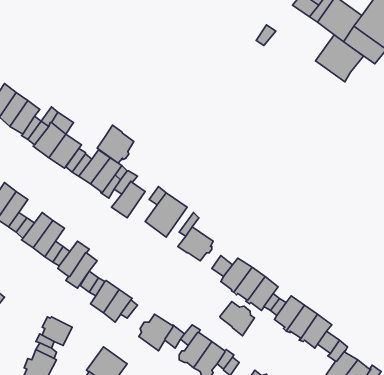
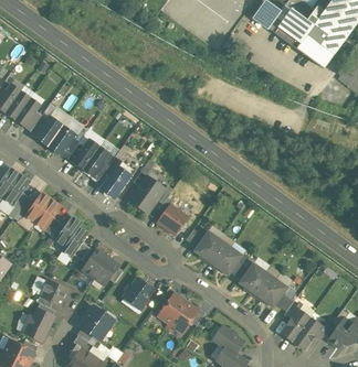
building: [316,35,363,82] -> none
building: [97,125,134,163] -> none
building: [220,301,254,336] -> none

